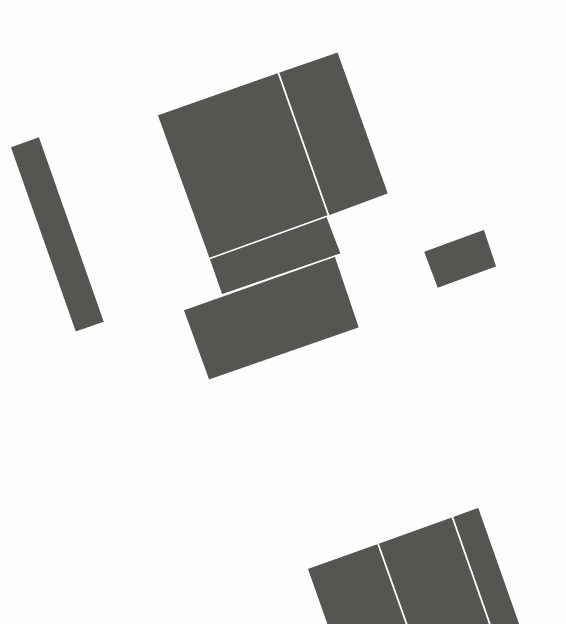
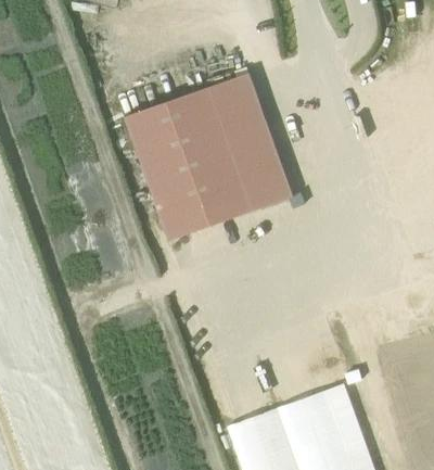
building: [10,136,105,333] -> none
building: [423,229,497,289] -> [241,170,292,212]
building: [183,256,360,380] -> none

